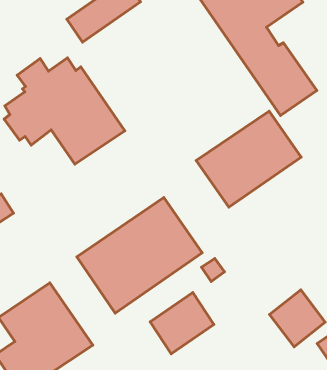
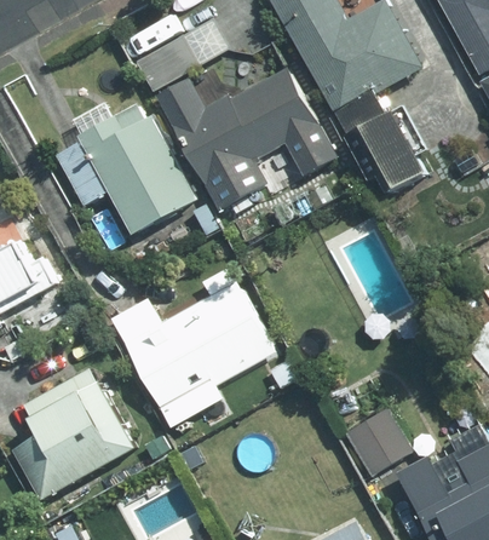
building: none -> [156,69,317,186]
building: [196,111,301,207] -> none
building: [150,293,214,354] -> none

